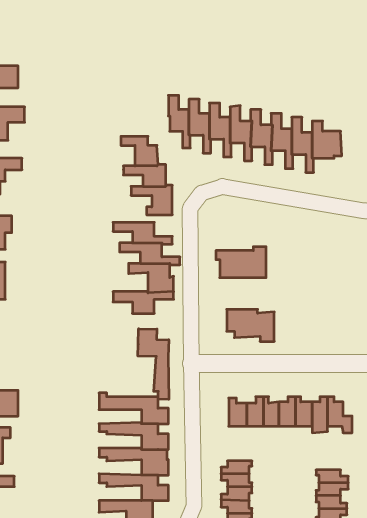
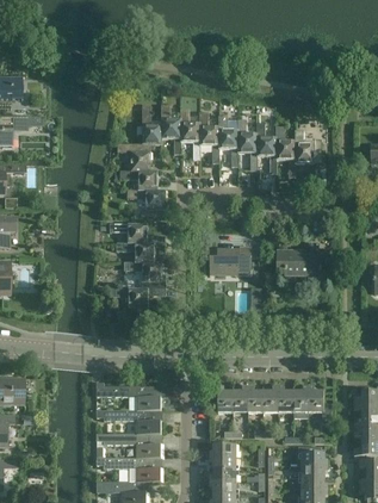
building: none -> [142,105,162,151]
building: [227,309,274,341] -> [277,250,321,280]
building: [138,329,169,399] -> none

